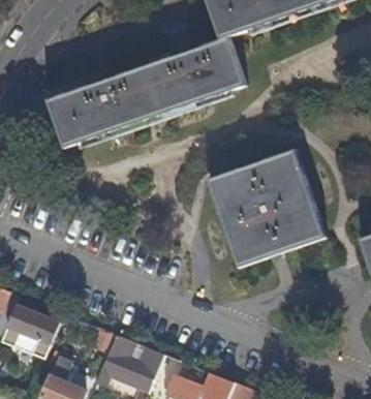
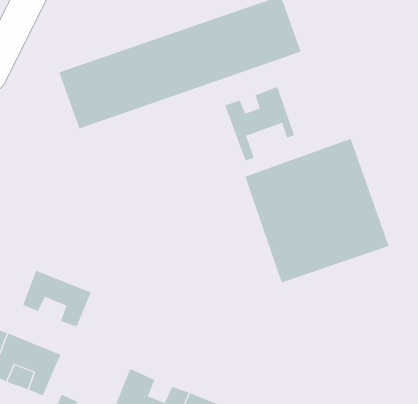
building: none -> [224,86,295,161]
building: none -> [22,270,91,327]

